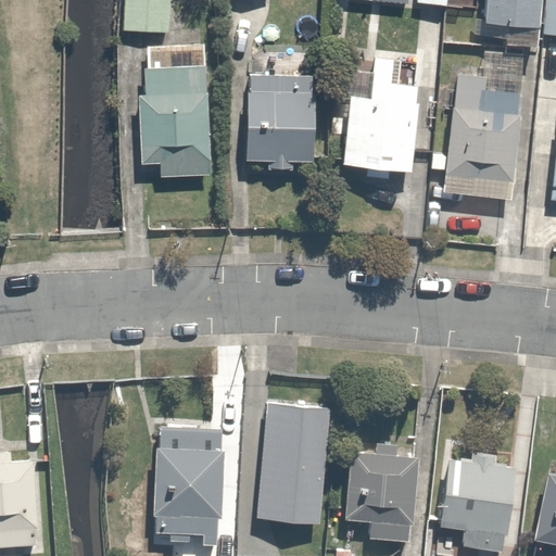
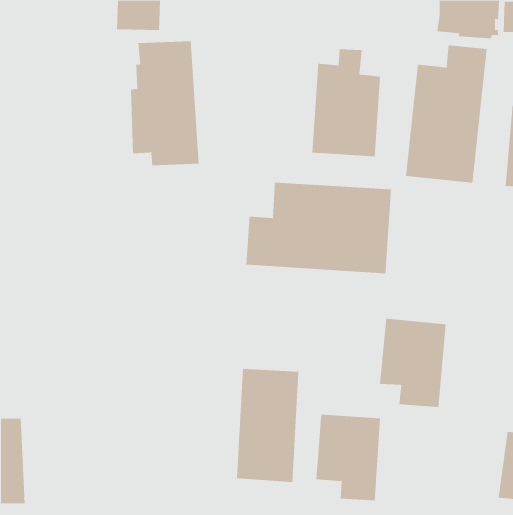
building: [254,79,323,176] -> none
building: none -> [246,182,391,274]
building: [153,422,218,541] -> none
building: [441,455,513,551] -> [379,318,446,408]

